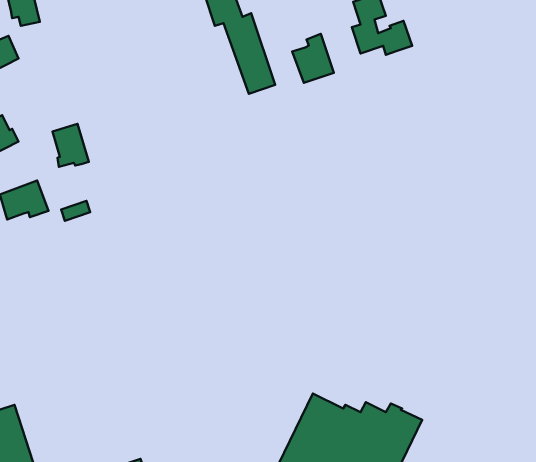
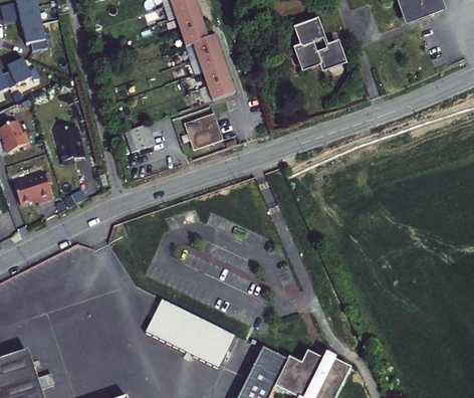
building: [292,34,334,83] -> none
building: none -> [186,117,222,151]
building: none -> [128,119,153,145]
building: none -> [146,298,234,366]

